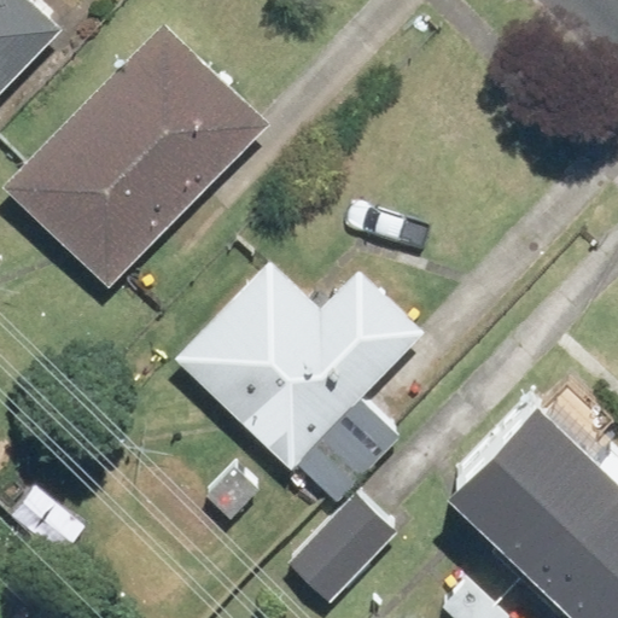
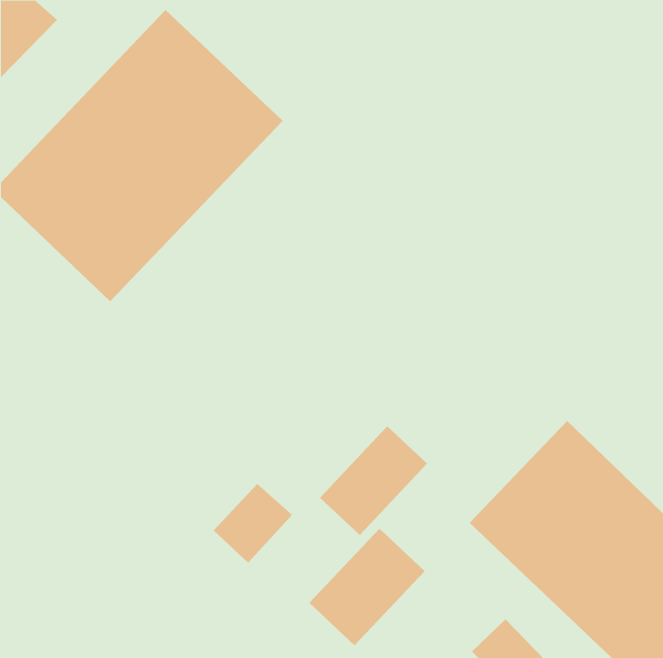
building: [175,262,422,471] -> none

